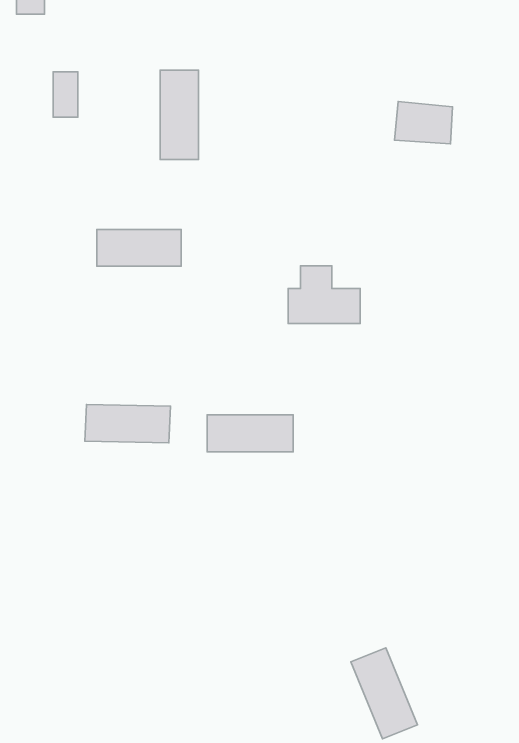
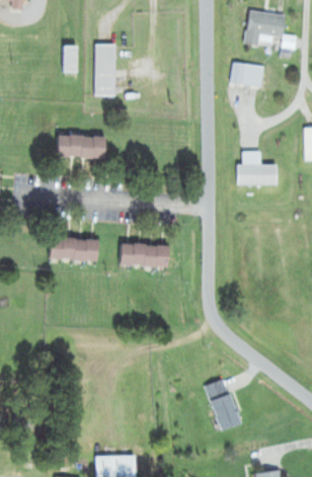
building: none -> [242,11,285,46]
building: [53,72,78,117] -> [63,46,77,72]
building: [288,266,360,324] -> [235,151,277,184]

